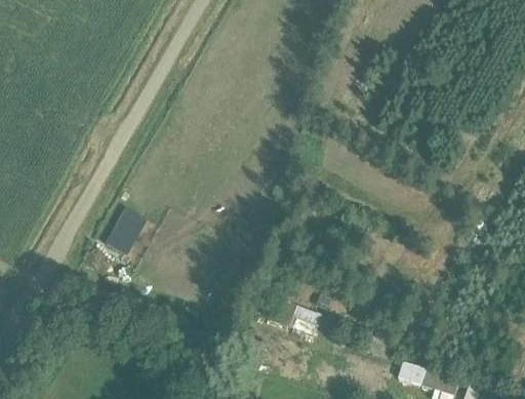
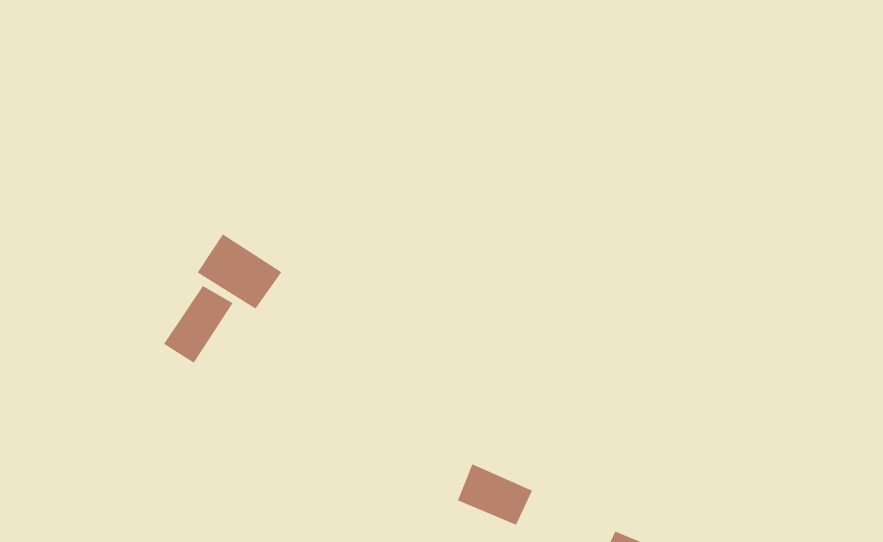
building: none -> [197,233,282,309]

